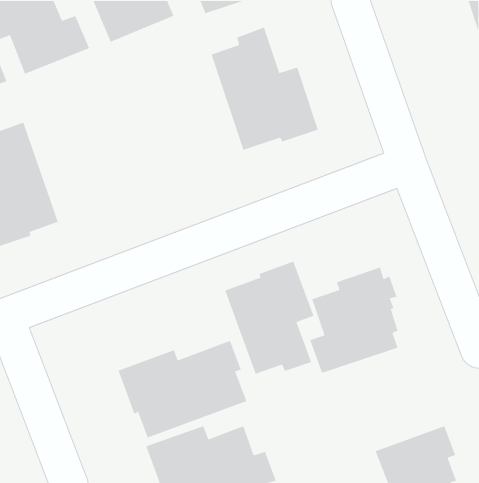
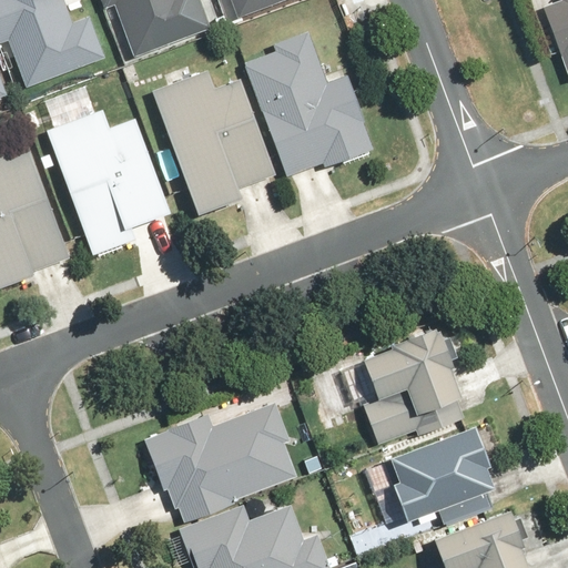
building: none -> [152,73,277,220]
building: none -> [48,97,173,256]
building: [224,261,315,375] -> none
building: none -> [393,417,497,517]

